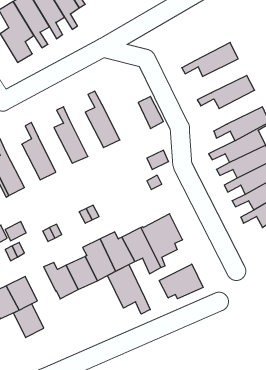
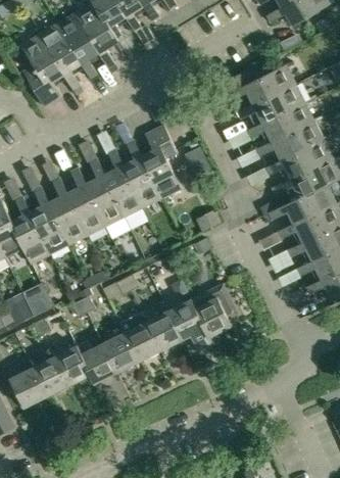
building: none -> [223,64,293,104]
building: none -> [245,102,312,142]
building: none -> [142,125,181,197]
building: none -> [264,139,331,179]
building: none -> [104,149,144,217]
building: none -> [67,168,107,235]
building: none -> [30,187,69,253]
building: [159,264,203,299] -> none
building: [108,265,150,314] -> none
building: [13,304,44,338] -> [52,346,88,386]

